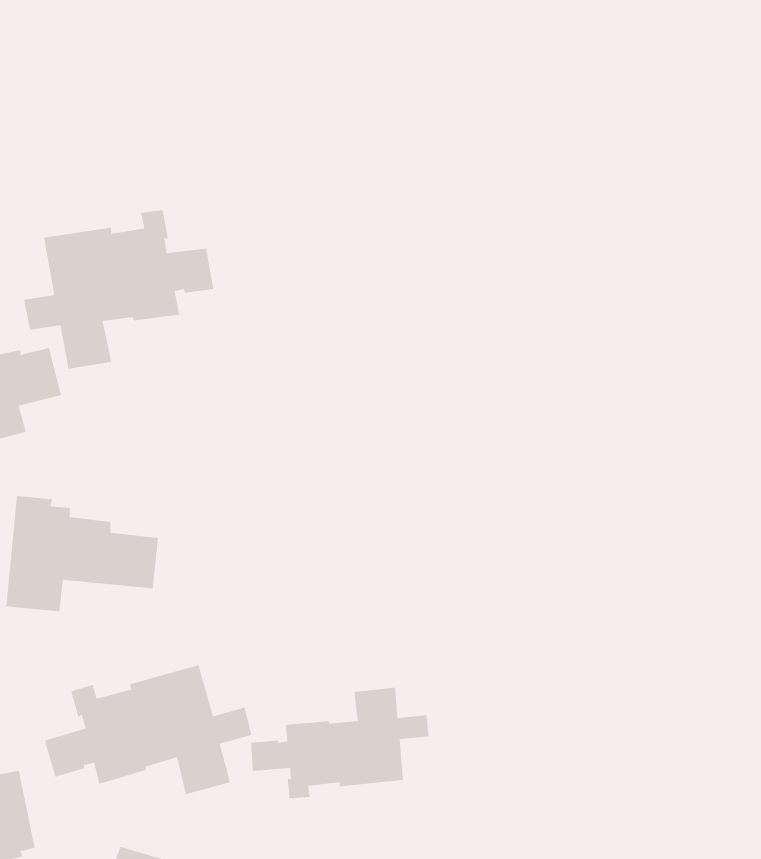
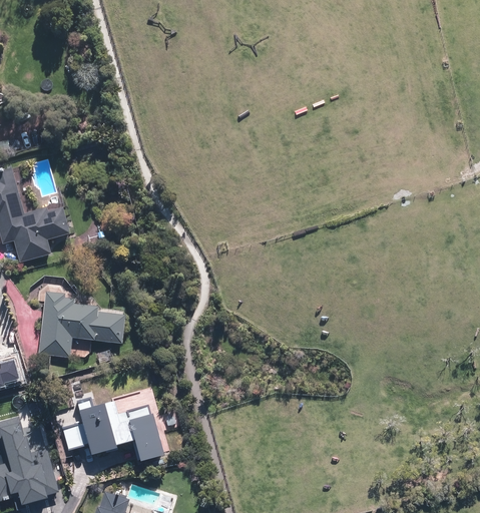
building: [23,209,214,369] -> none
building: [251,687,429,799] -> none

